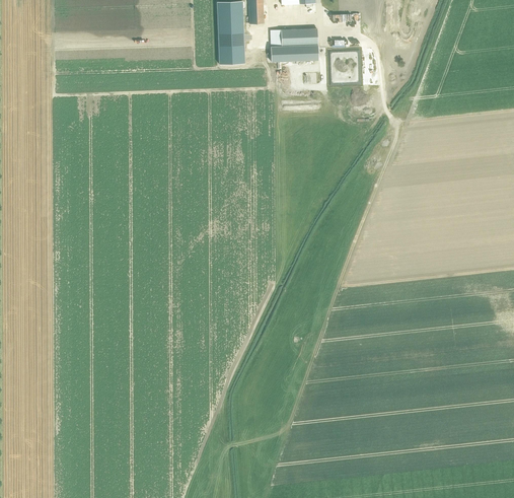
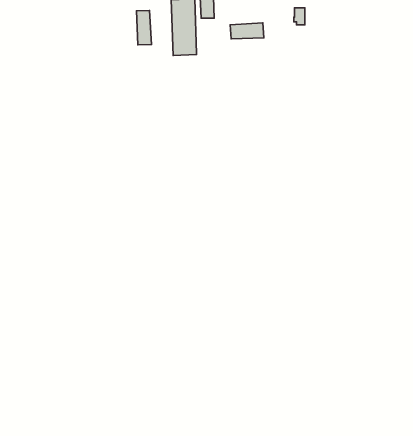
building: none -> [137,10,152,45]
building: [270,44,316,60] -> none

